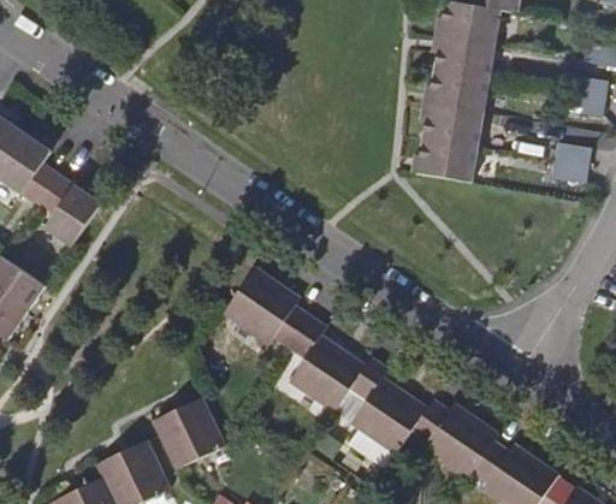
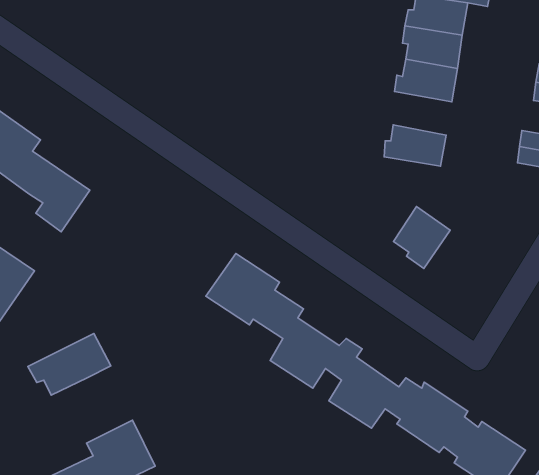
building: [417,100,481,146] -> none
building: none -> [394,206,450,269]
building: none -> [28,334,111,395]
building: [154,401,223,470] -> none

